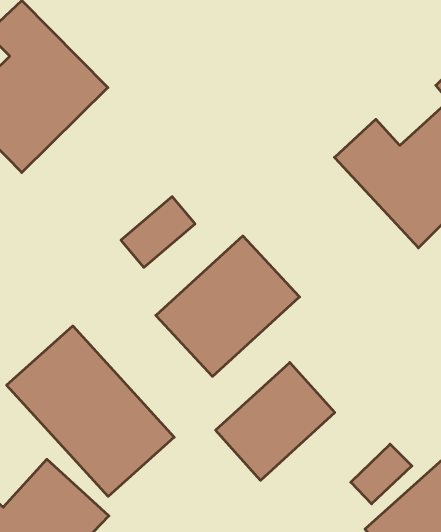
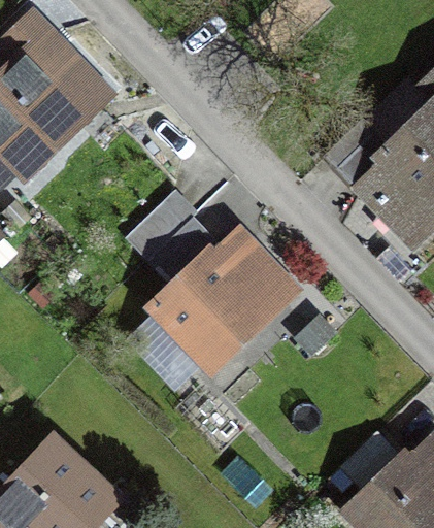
building: [7,326,174,496] -> none
building: [216,362,335,480] -> none

